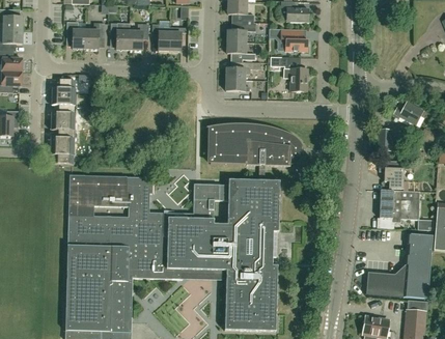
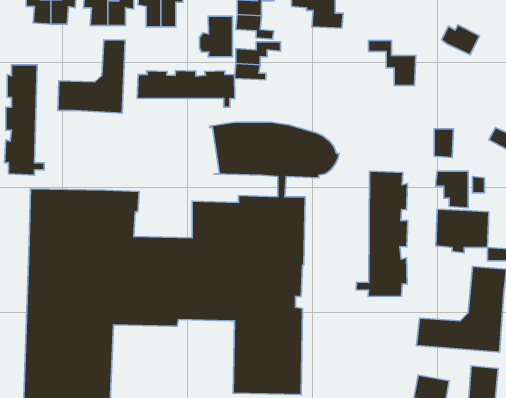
building: none -> [199,16,232,57]
building: [271,57,307,91] -> [368,41,416,86]
building: none -> [58,40,125,113]
building: none -> [137,71,235,107]
building: [394,102,423,124] -> [442,25,480,55]
building: none -> [356,171,408,296]

